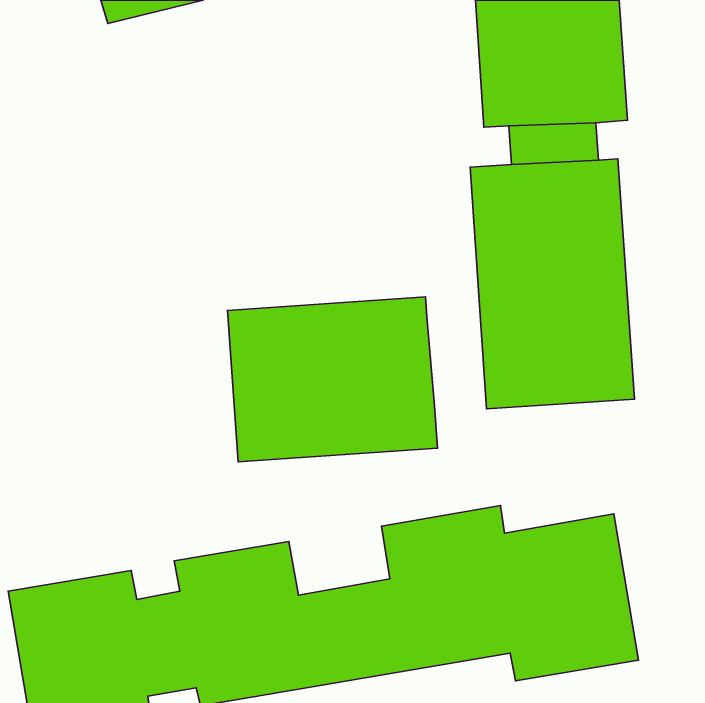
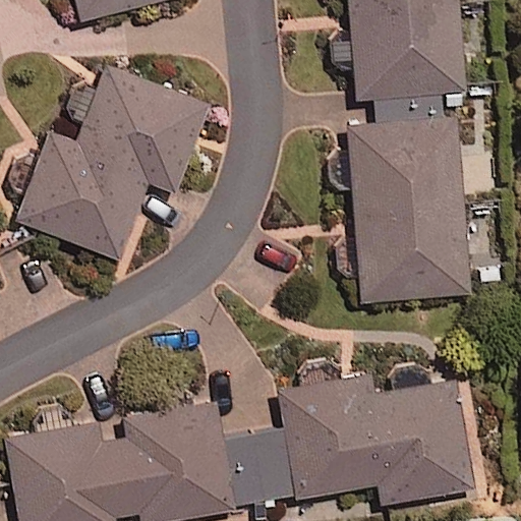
building: none -> [11,65,209,258]
building: [227,297,438,462] -> none

